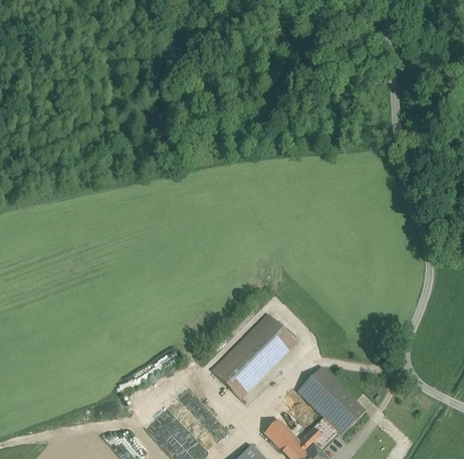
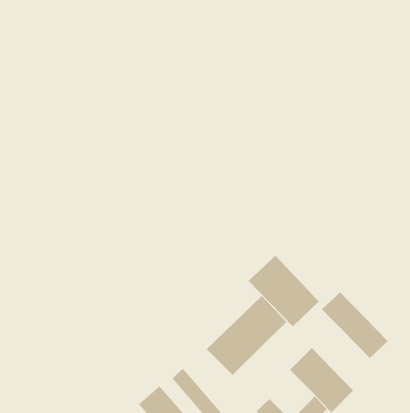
building: none -> [248,255,319,327]
building: none -> [321,291,389,359]

